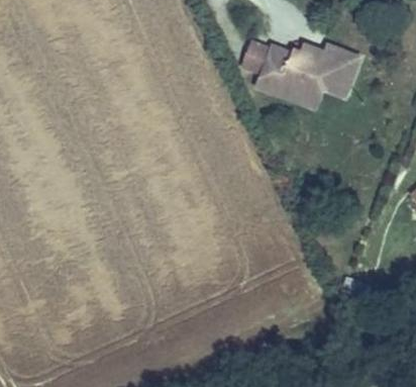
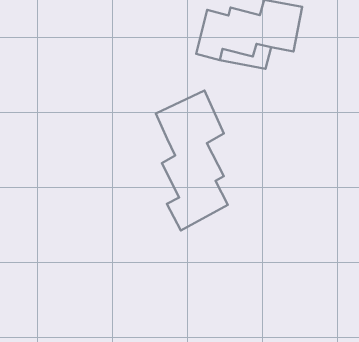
building: none -> [156,90,228,230]

